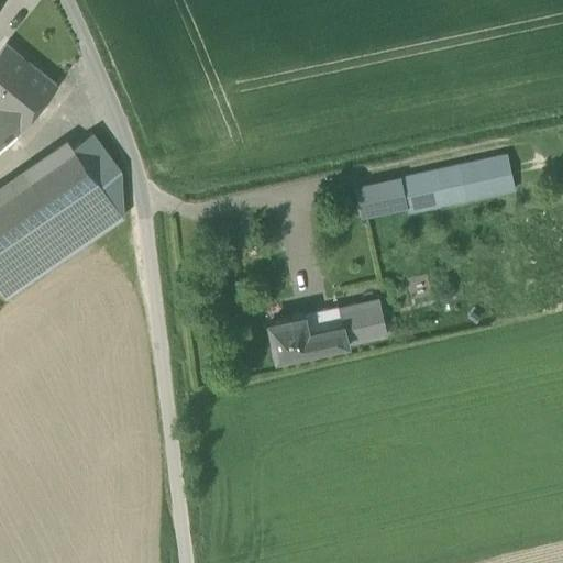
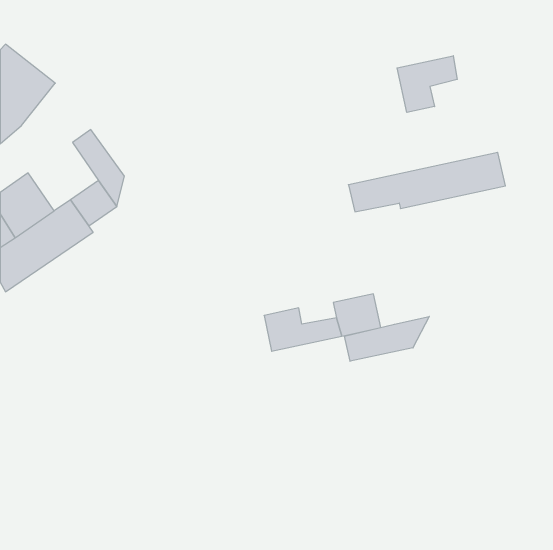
building: none -> [397,56,457,112]
building: [29,147,100,217] -> none
building: [303,308,342,332] -> none
building: none -> [344,316,429,361]

